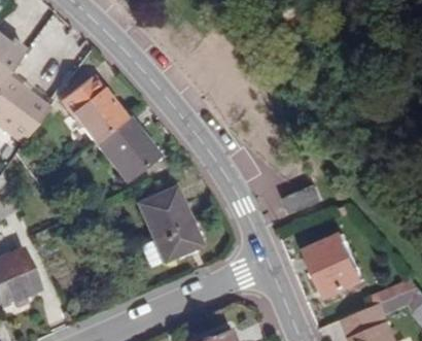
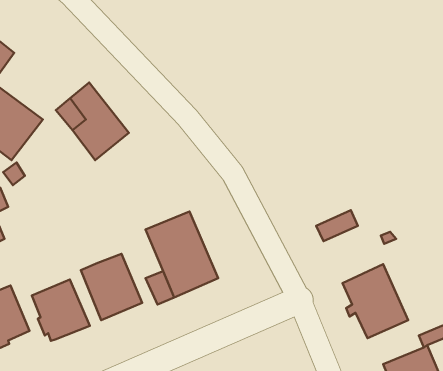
building: [95,115,157,180] -> none
building: none -> [81,254,142,320]
building: none -> [32,279,90,341]

